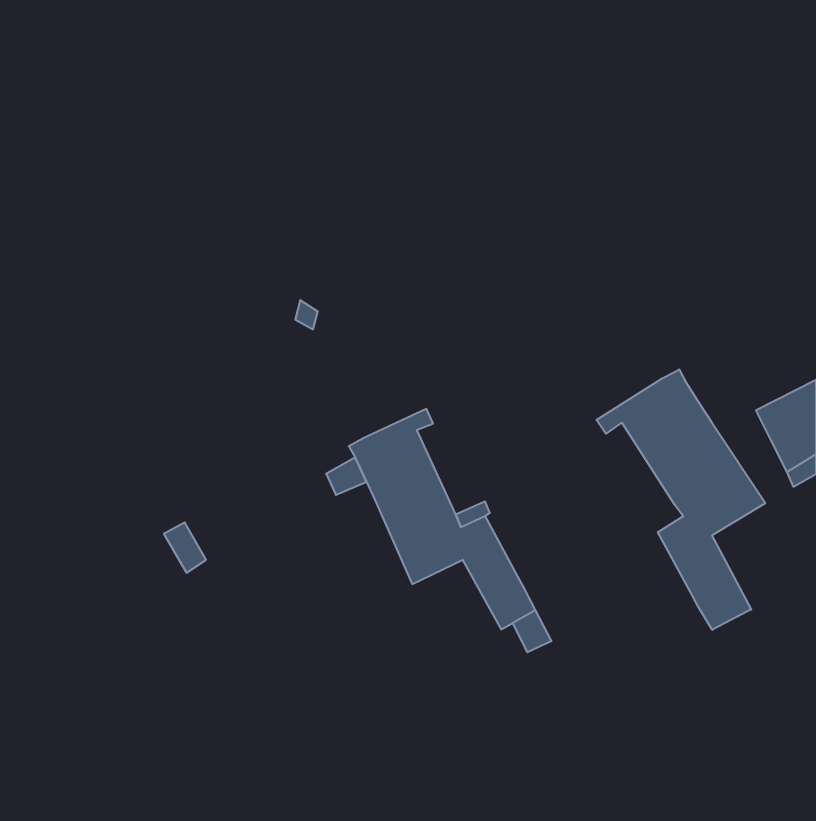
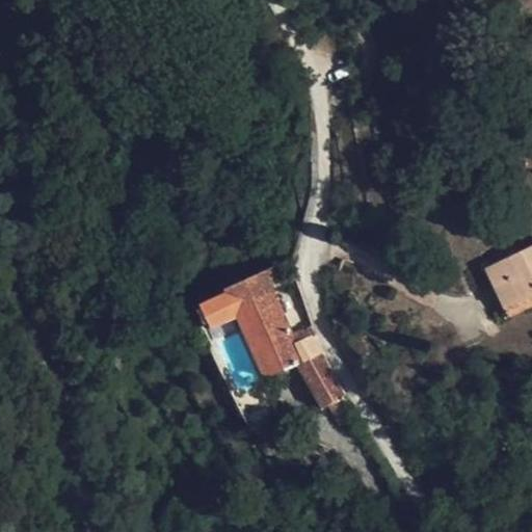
building: [596,369,765,630] -> none

